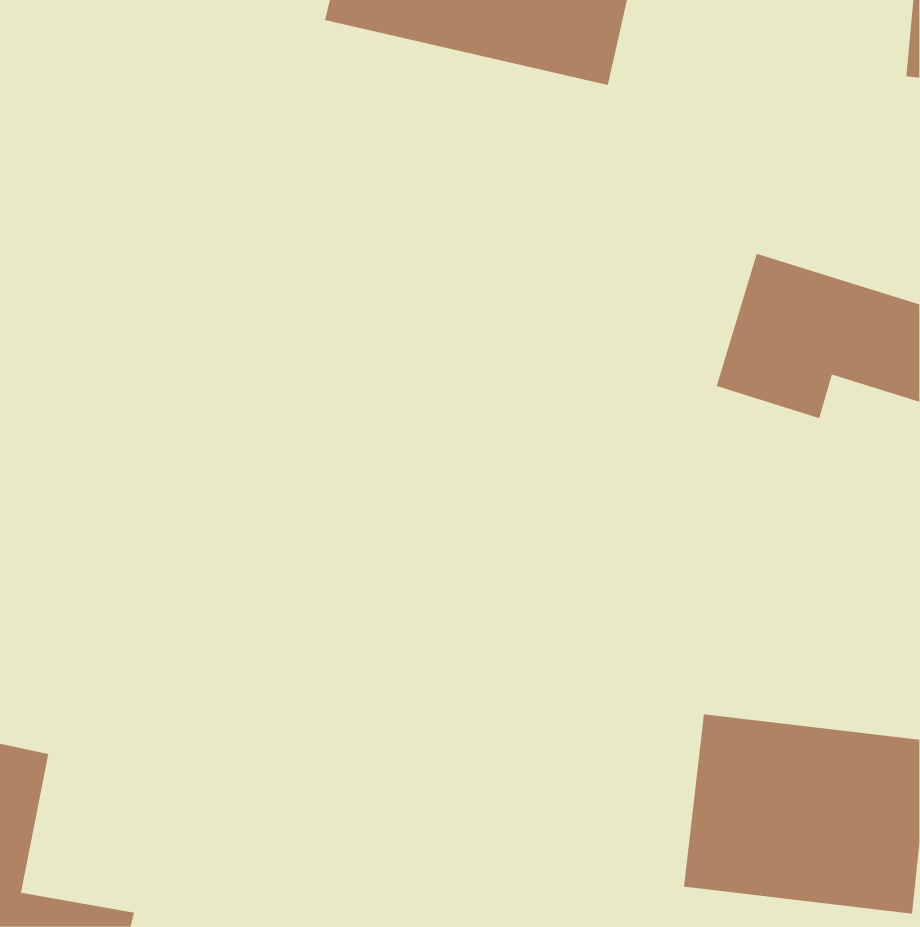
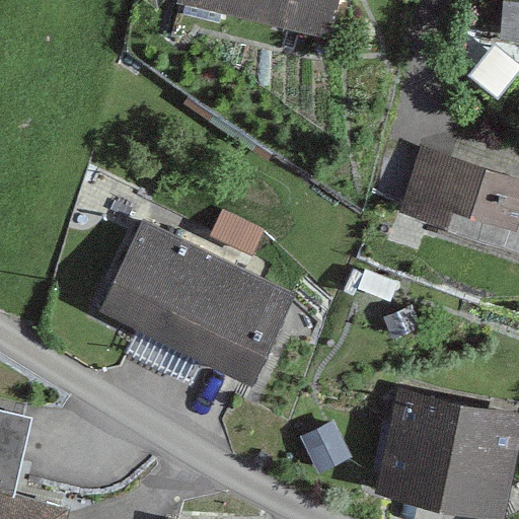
building: none -> [102,228,295,384]

